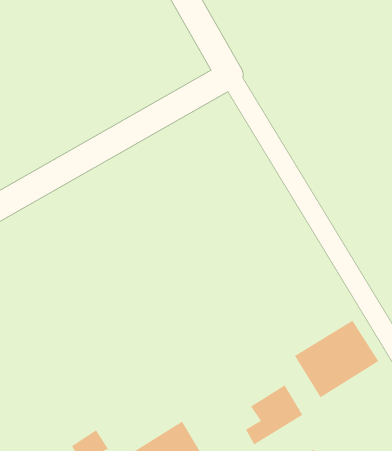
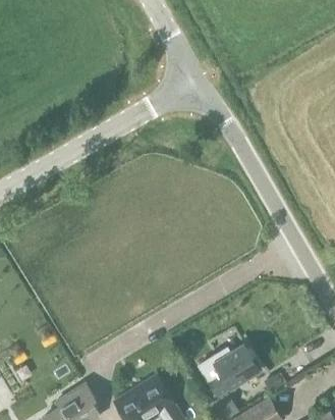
building: [294,320,379,398] -> none

